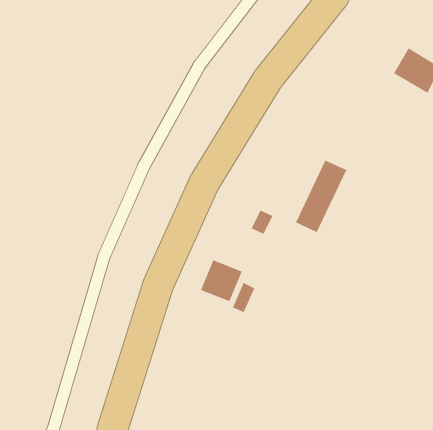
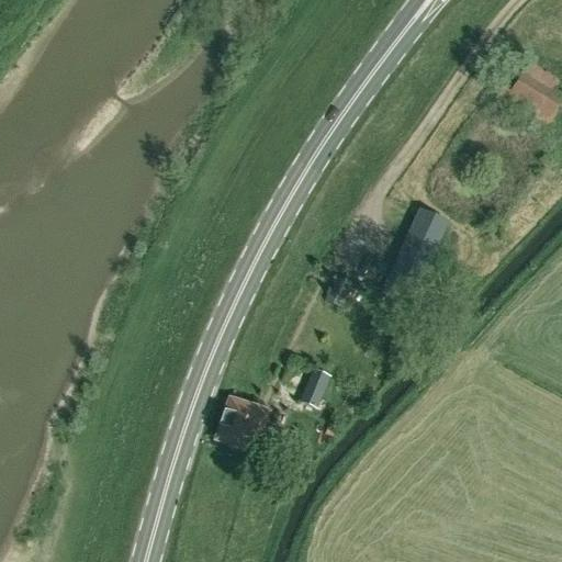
building: [200,259,243,302] -> [216,396,271,451]

